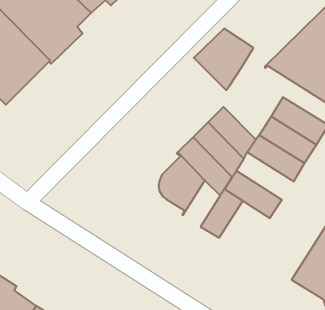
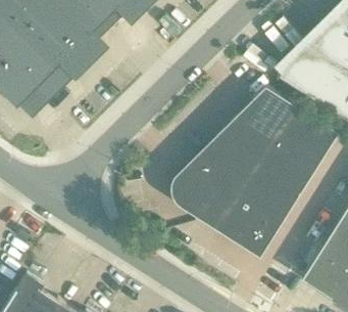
building: [194,29,253,90] -> [238,87,294,145]
building: none -> [250,158,304,203]
building: none -> [200,184,235,228]
building: none -> [234,204,282,255]

